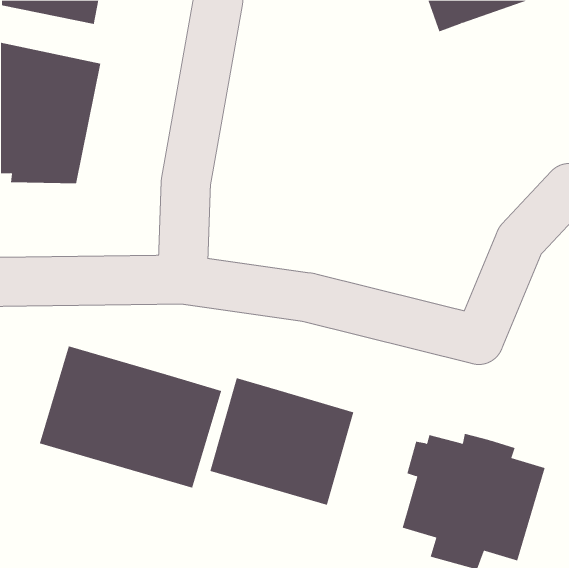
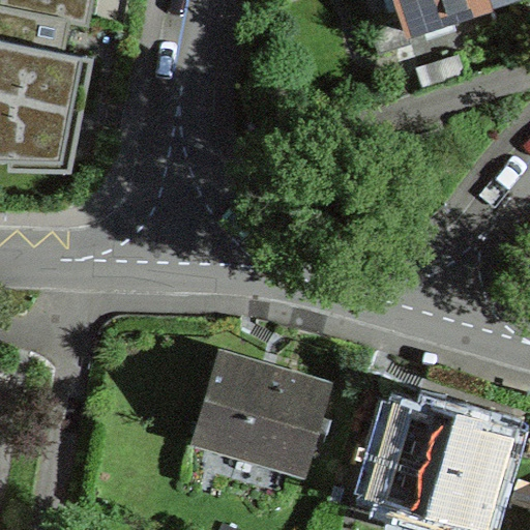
building: [39,346,222,489] -> none

